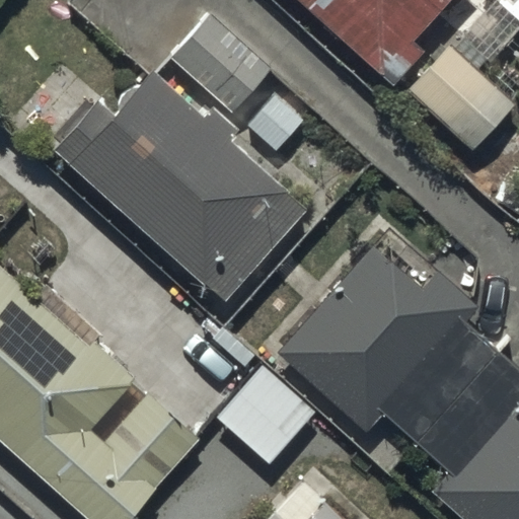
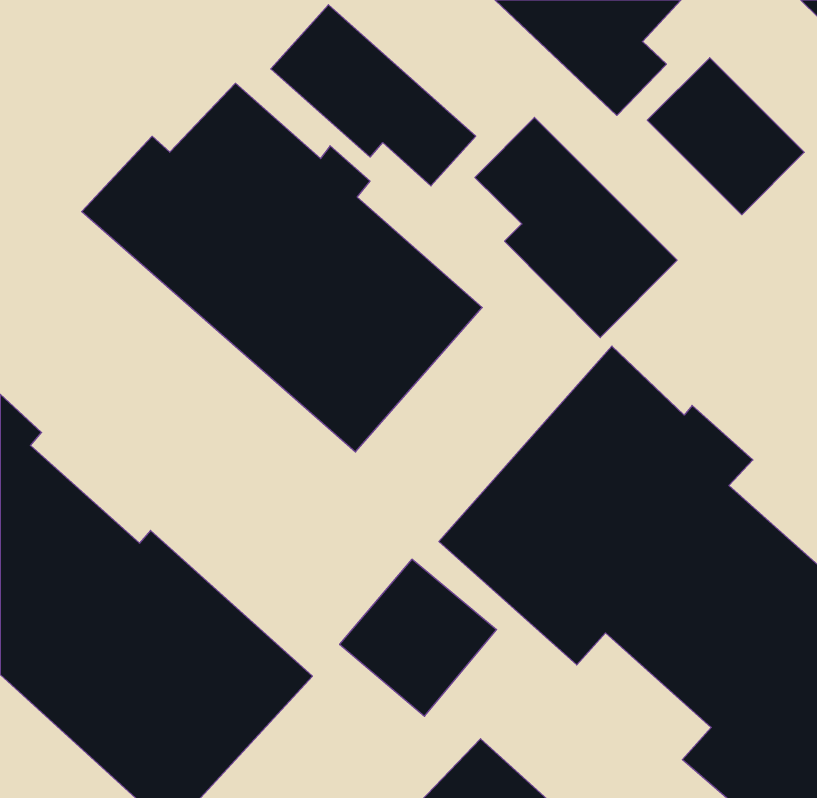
building: none -> [475,117,677,338]

